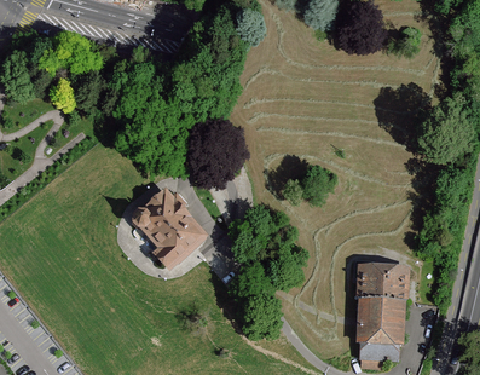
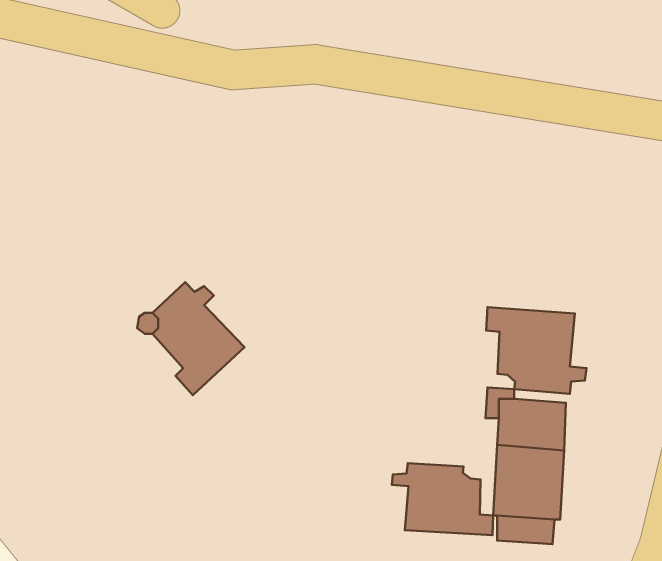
building: none -> [486,307,587,394]
building: none -> [392,463,493,535]

